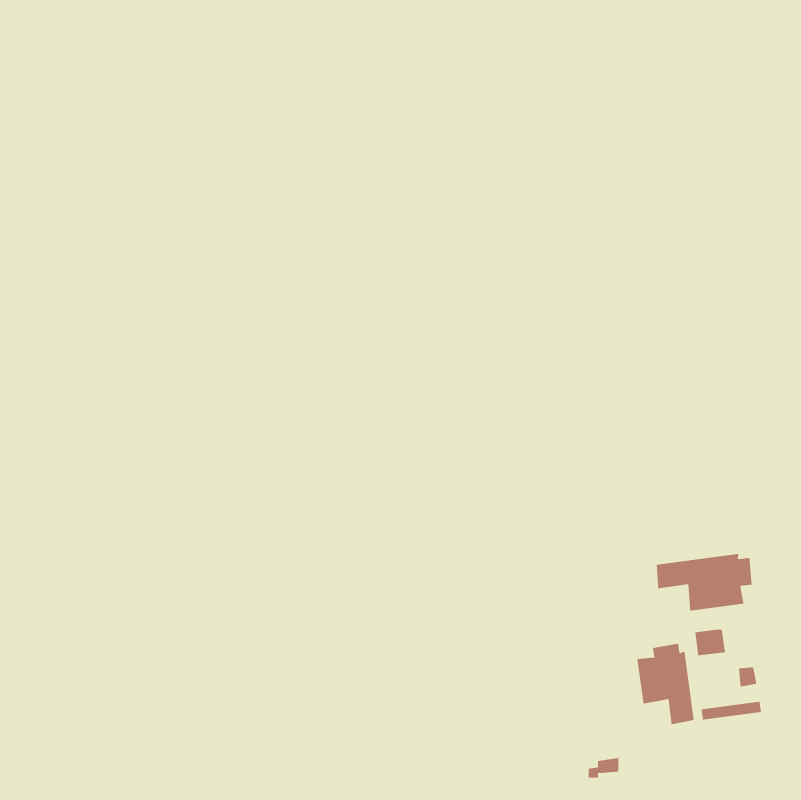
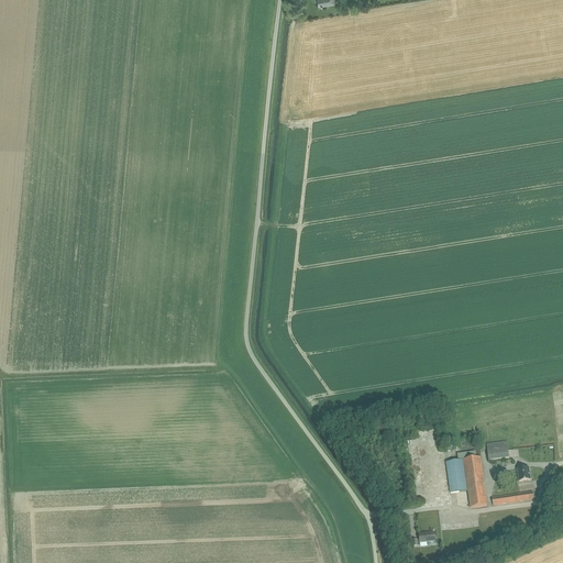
building: [656,553,752,612] -> none

